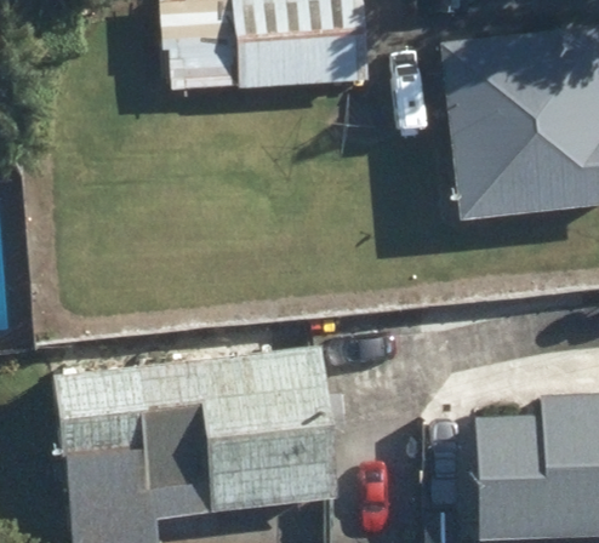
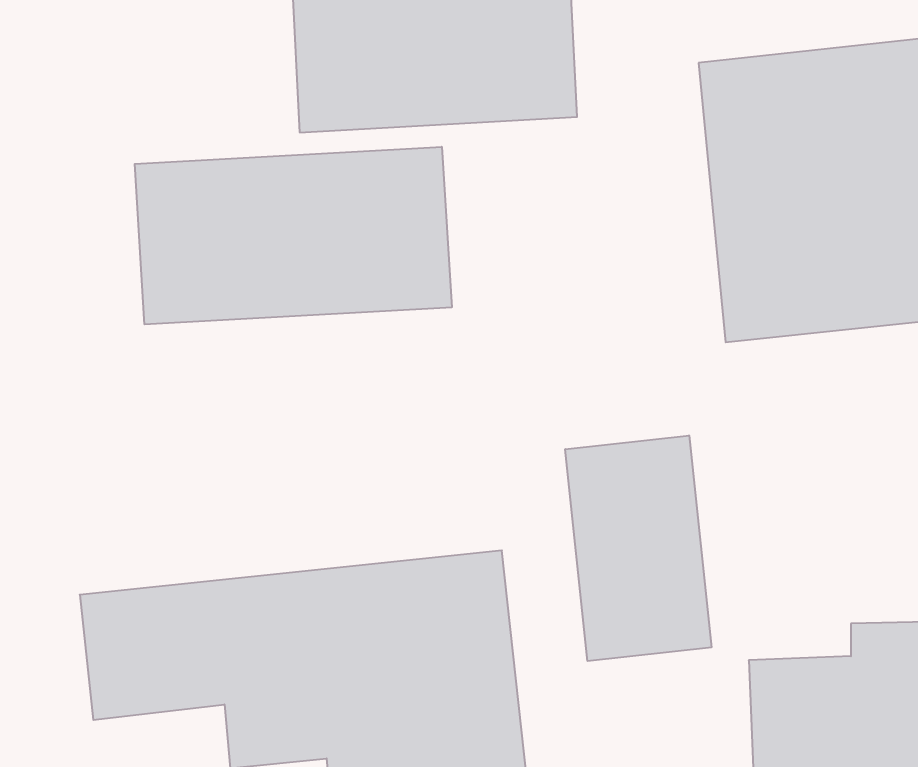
building: none -> [135,147,452,324]
building: none -> [565,435,711,661]

